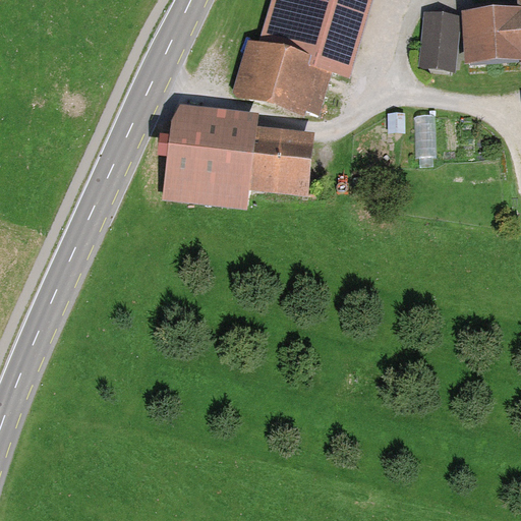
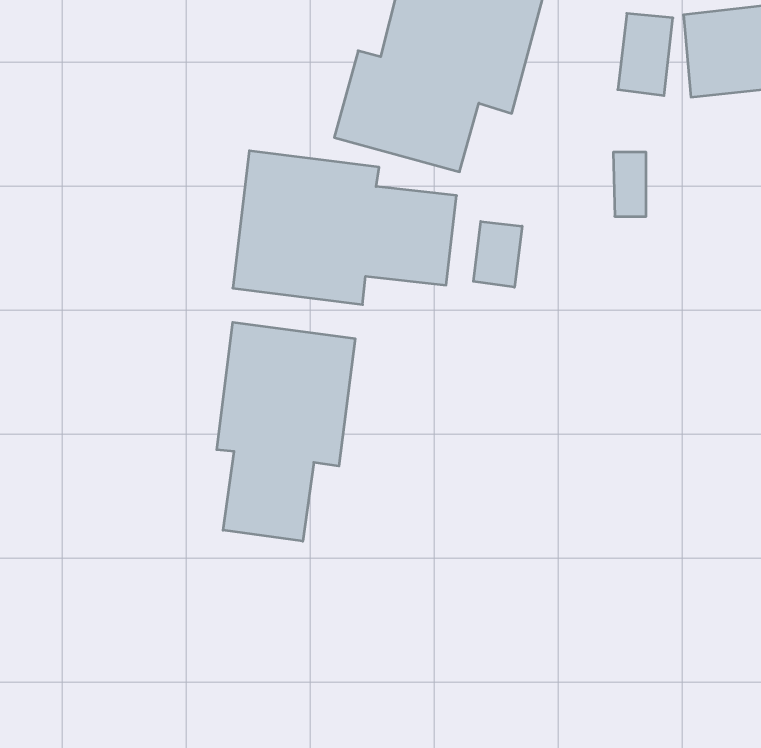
building: none -> [473,221,522,287]
building: none -> [217,322,355,541]

